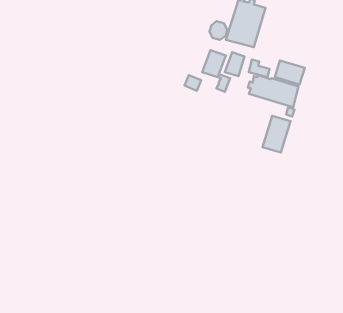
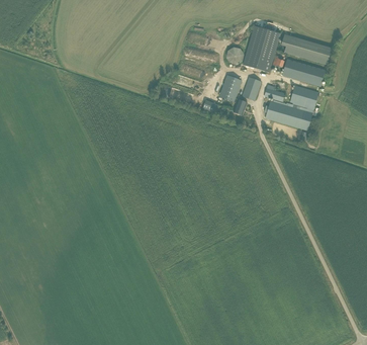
building: none -> [280,34,331,65]
building: none -> [281,58,325,86]
building: [263,116,290,152] -> none

